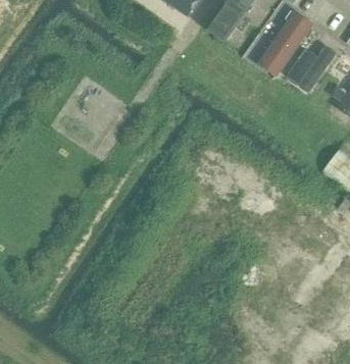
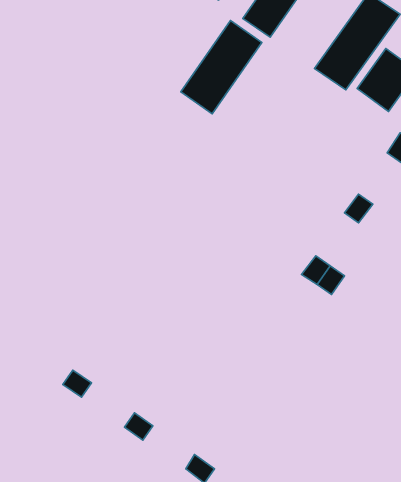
building: none -> [181,20,262,114]

